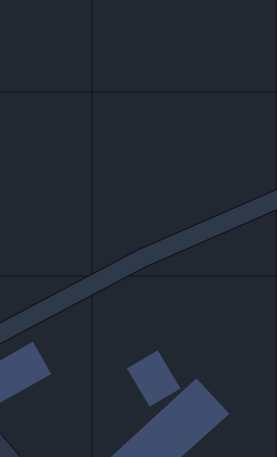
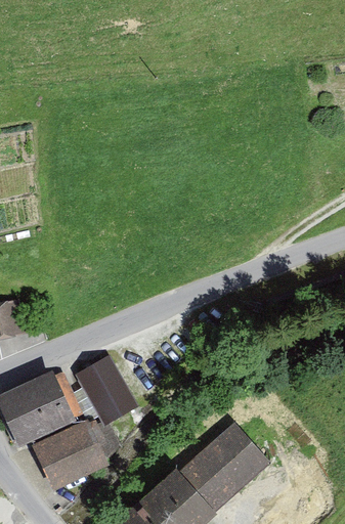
building: [126,350,181,407] -> [78,360,136,422]
building: none -> [35,426,105,488]

